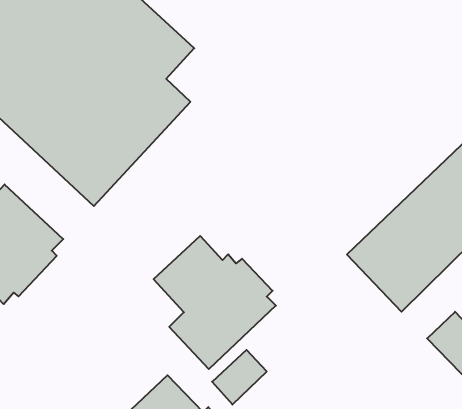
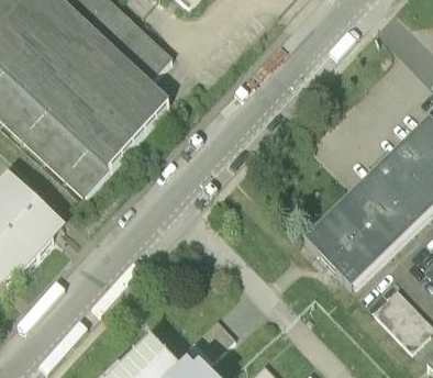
building: [154,236,276,369] -> none

